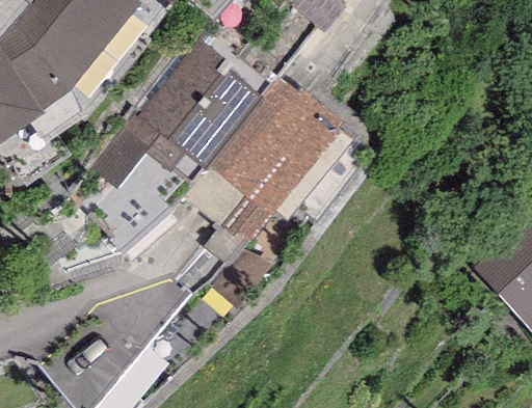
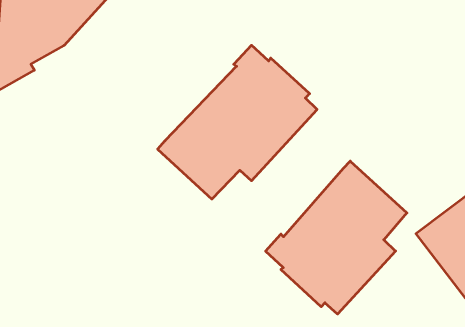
building: [91,35,264,183] -> none
building: none -> [266,161,407,314]

